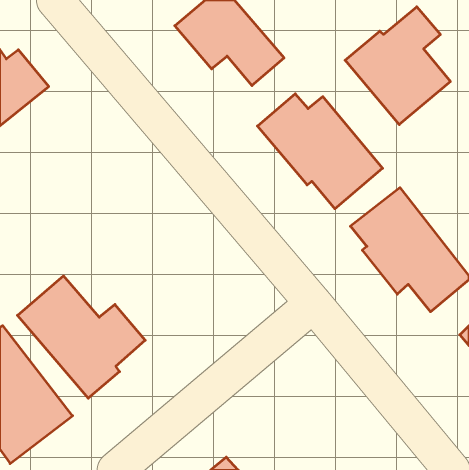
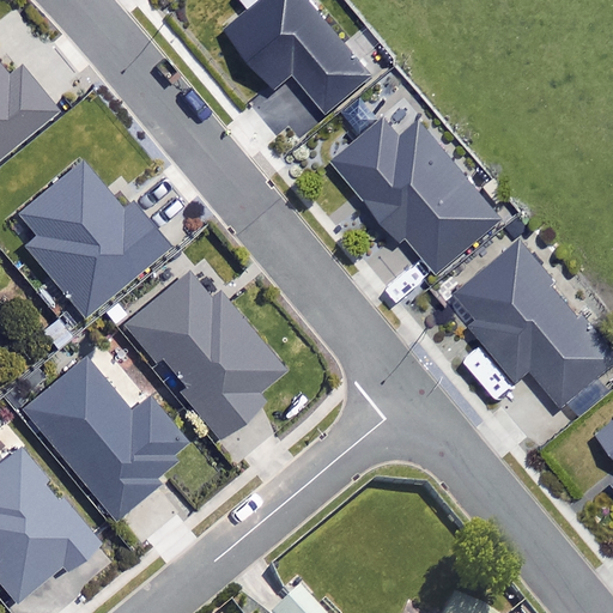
building: [345,7,450,125] -> none
building: none -> [13,156,169,320]
building: none -> [127,268,281,438]

